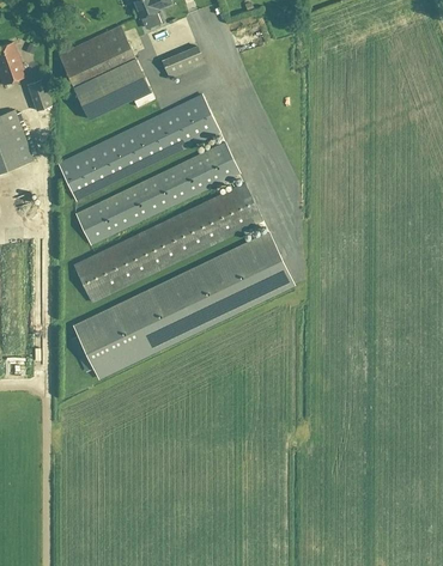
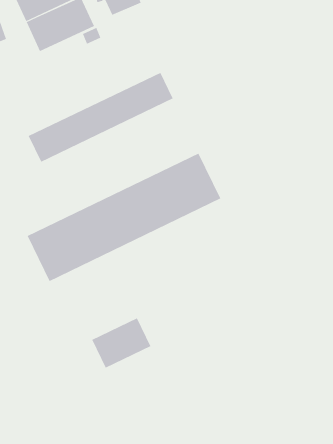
building: [57,95,218,199] -> none
building: [73,183,261,300] -> none
building: none -> [92,318,151,369]

